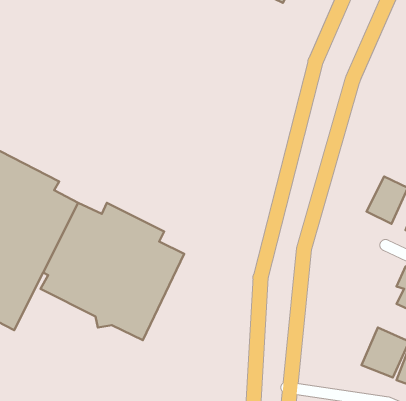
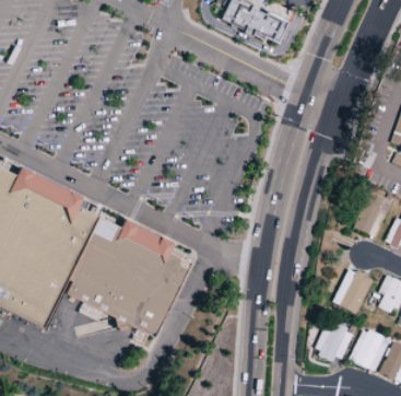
building: none -> [333,267,373,312]
building: none -> [312,319,353,360]

